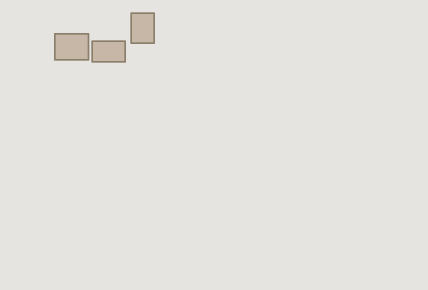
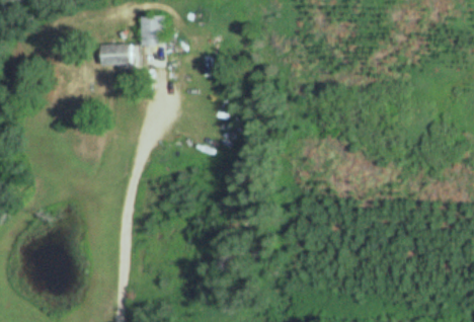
building: [55,34,88,60] -> none

